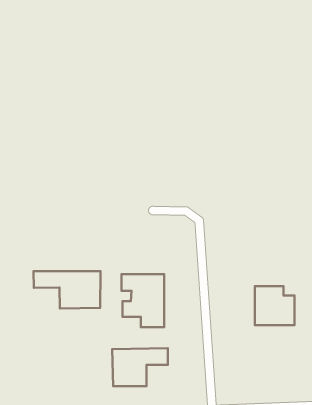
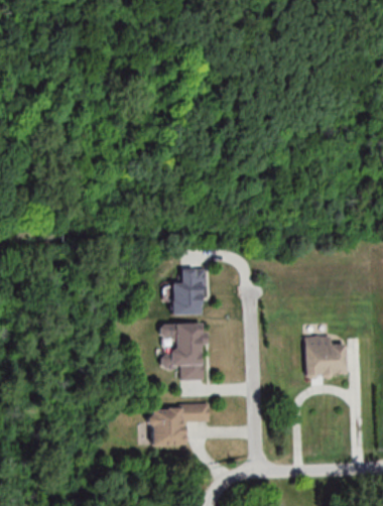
building: none -> [171,268,204,314]
building: [33,271,100,308] -> none

